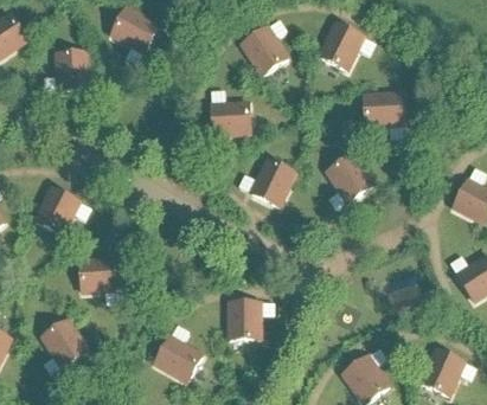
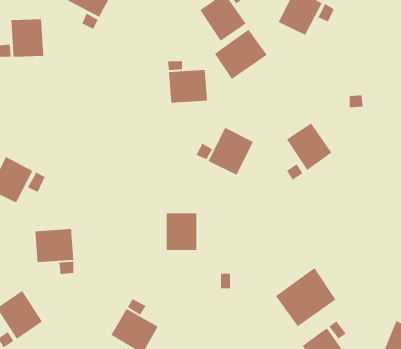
building: none -> [214,29,267,80]
building: [364,92,402,126] -> none
building: none -> [275,267,336,327]
building: [229,302,259,339] -> [166,213,197,250]

